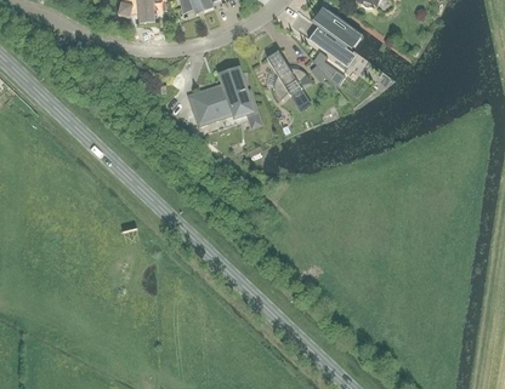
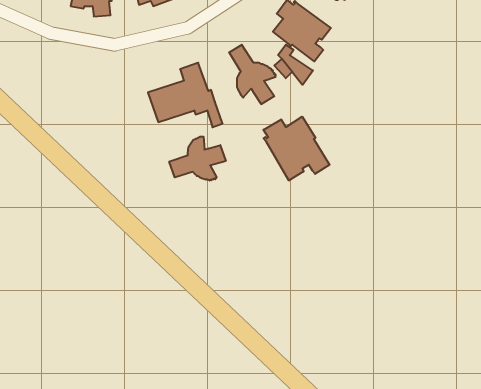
building: none -> [263,117,330,181]
building: none -> [169,137,226,181]

